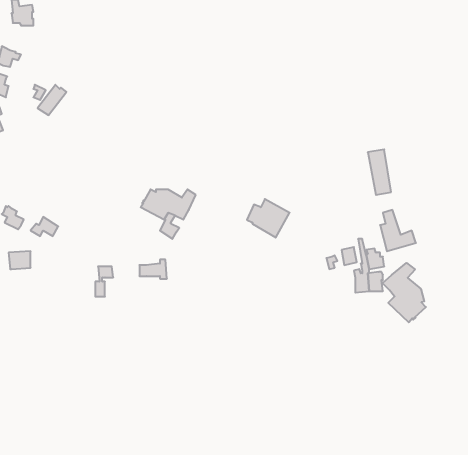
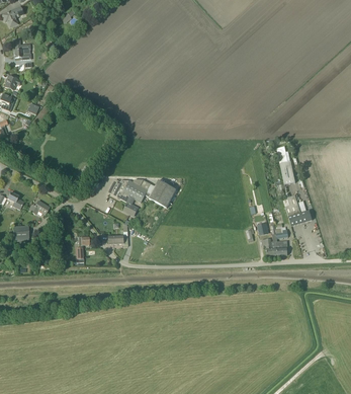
building: [247,199,290,238] -> [145,179,176,208]
building: [383,263,426,322] -> none

